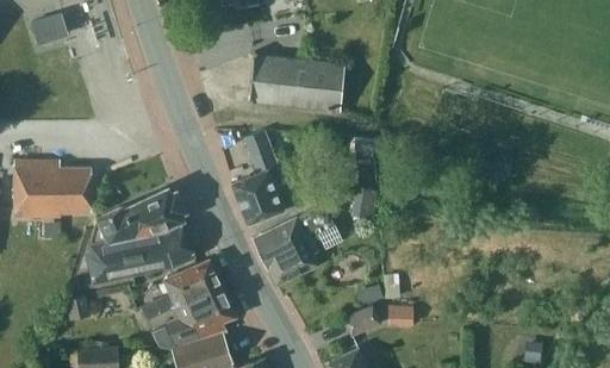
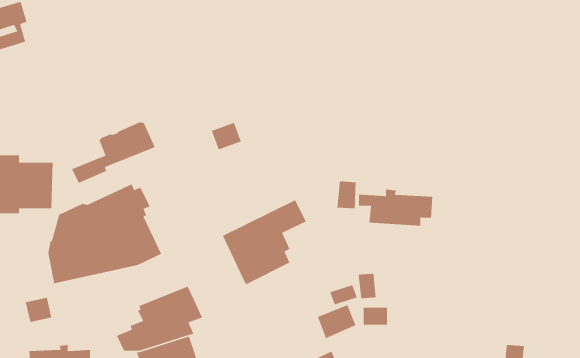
building: [248,54,344,111] -> none
building: [231,167,294,225] -> none
building: none -> [358,189,433,227]
building: [139,261,220,320] -> [71,121,156,184]

